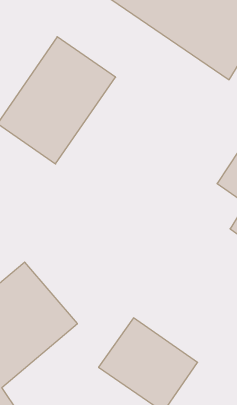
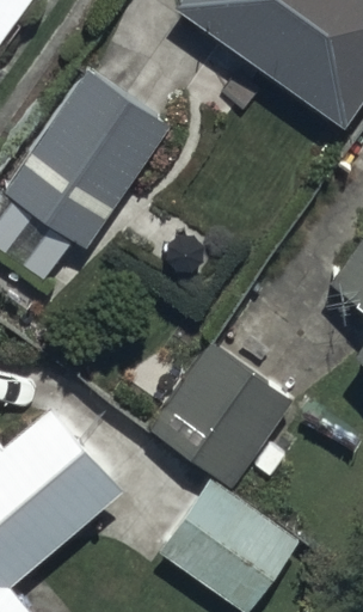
building: none -> [149,342,291,486]

